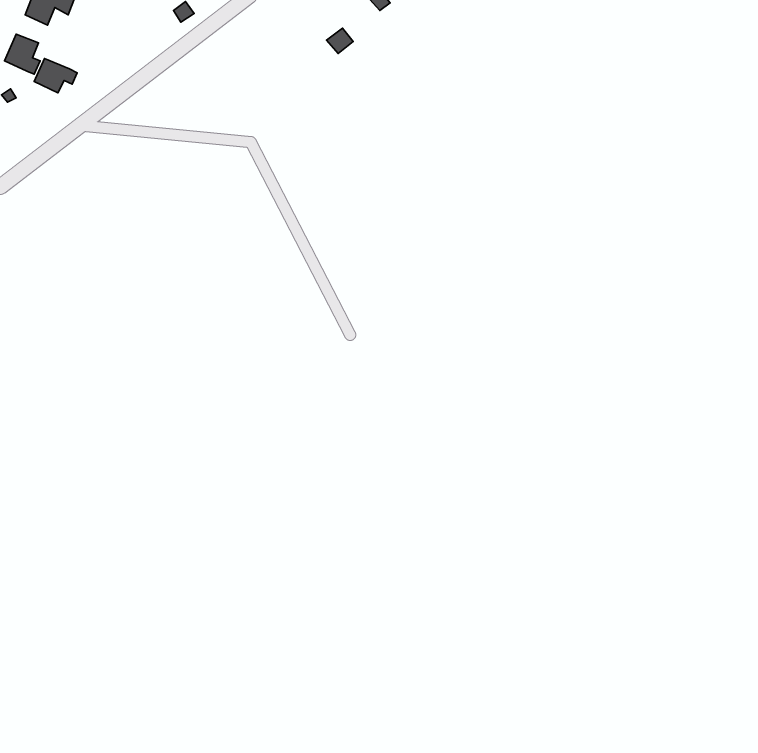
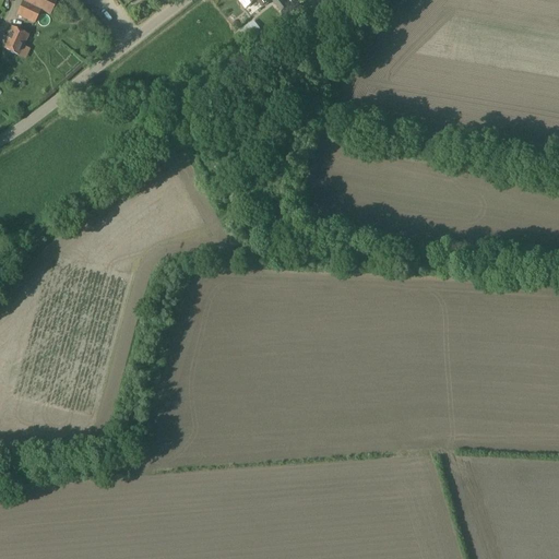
building: [34,58,77,93] -> none

